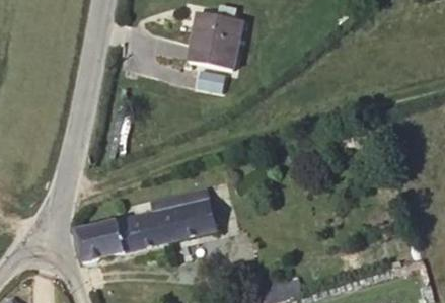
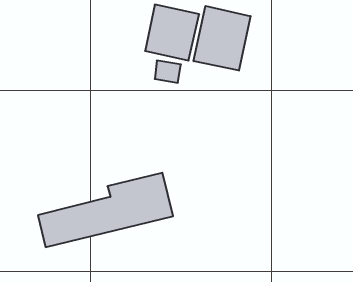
building: none -> [194,6,251,71]

